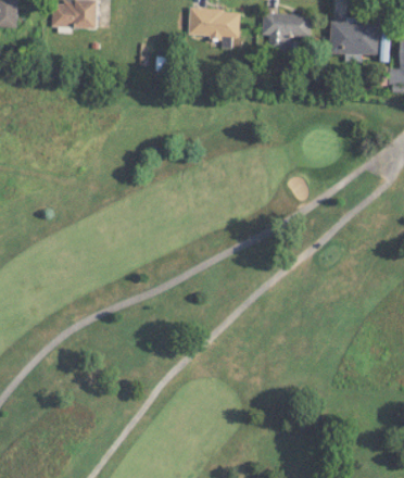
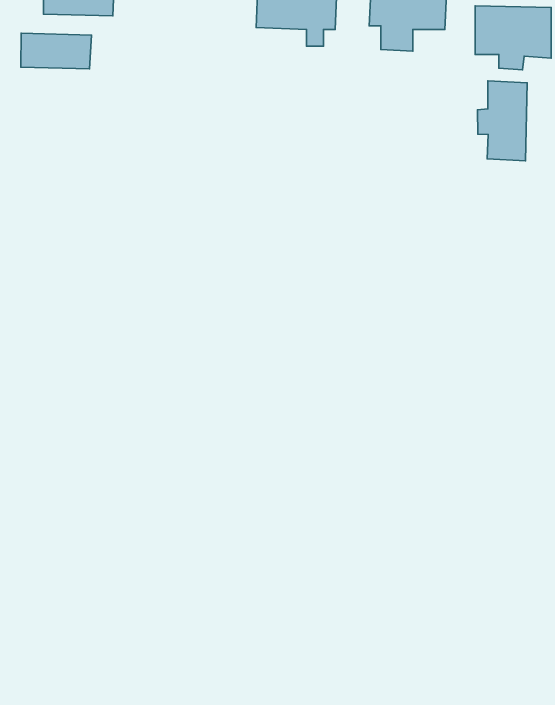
building: none -> [21,33,91,69]
building: none -> [477,81,527,161]

